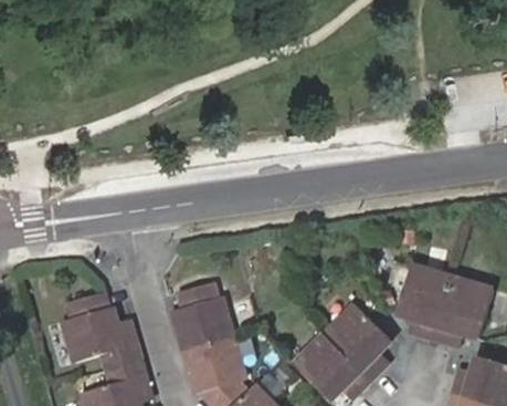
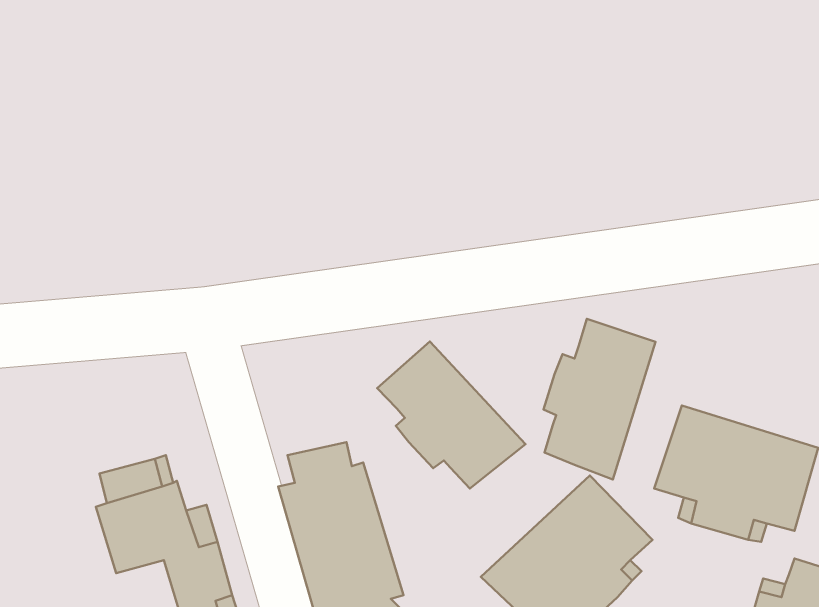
building: none -> [544,319,656,480]
building: none -> [377,342,525,488]

